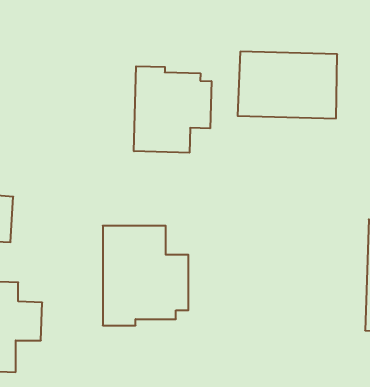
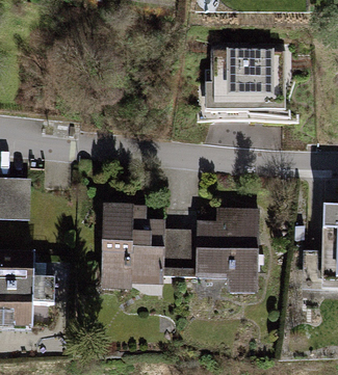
building: [134,66,211,153] -> none
building: none -> [174,215,258,291]

